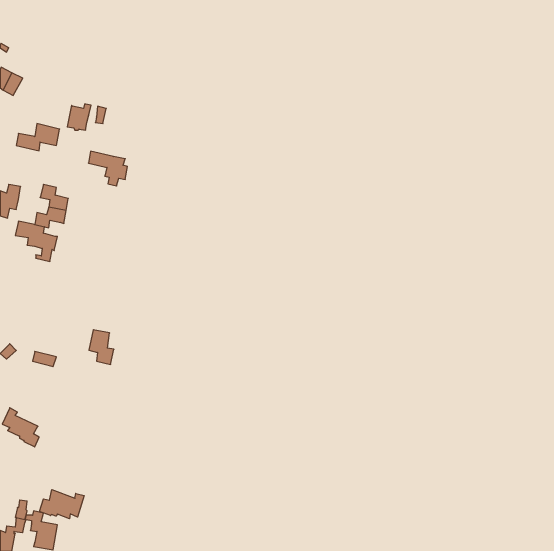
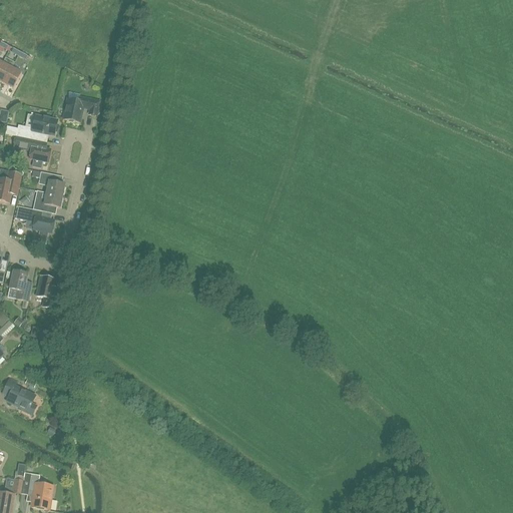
building: [88,151,127,186] -> [13,134,49,166]
building: none -> [8,270,31,301]
building: [89,330,114,364] -> [35,276,58,308]
building: [39,490,84,519] -> none

